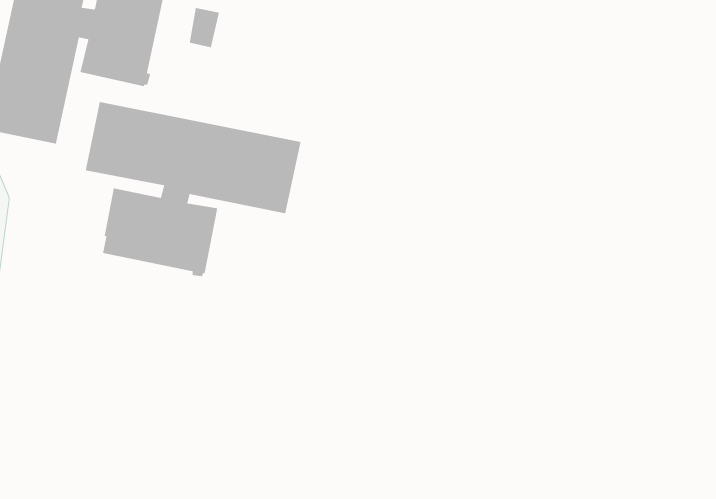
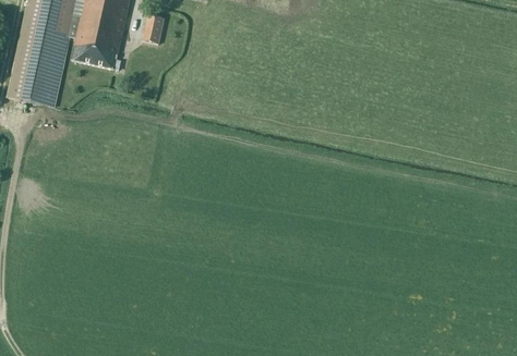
building: [85,101,301,277] -> none

